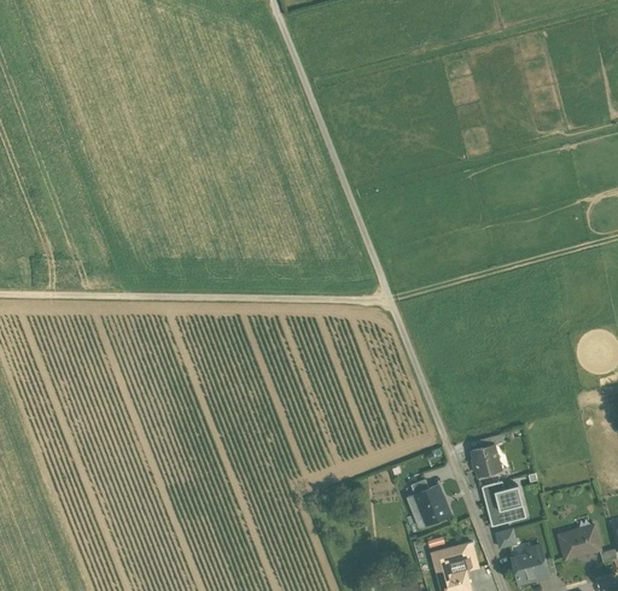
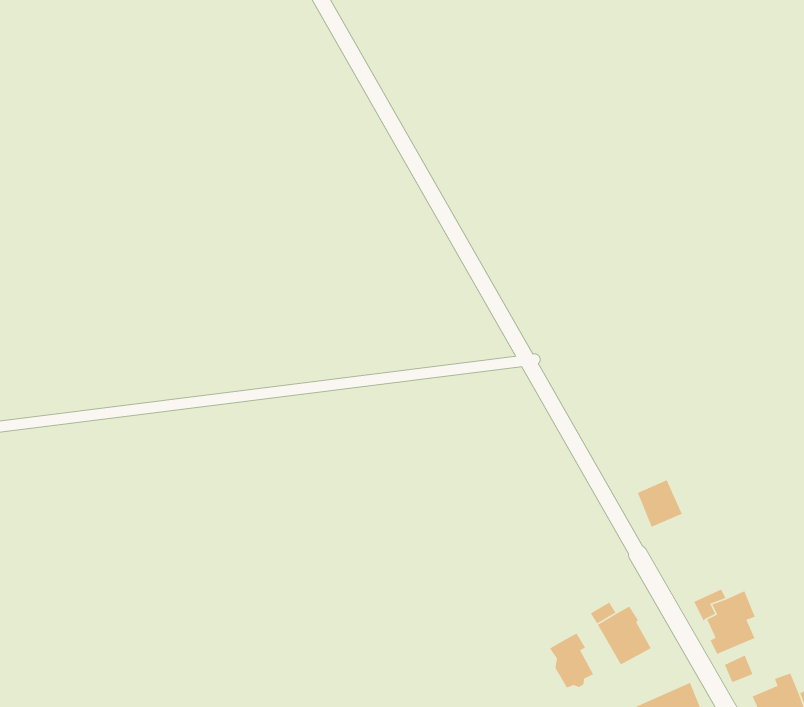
building: [471,444,500,475] -> [637,479,683,528]
building: none -> [549,632,594,688]

